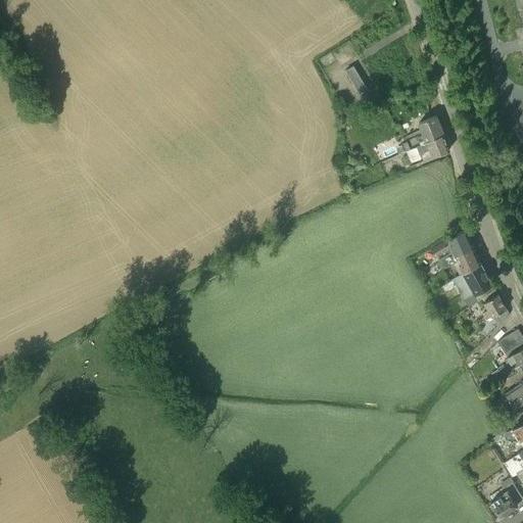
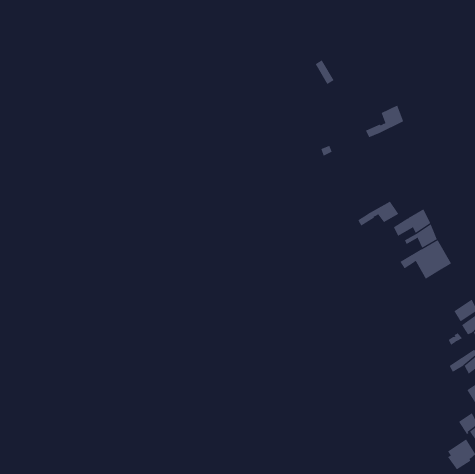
building: [410,136,450,163] -> none
building: none -> [358,200,399,227]
building: [481,291,510,327] -> none

